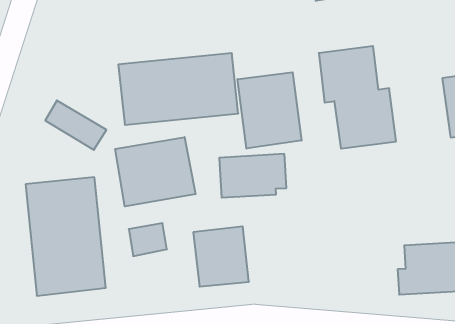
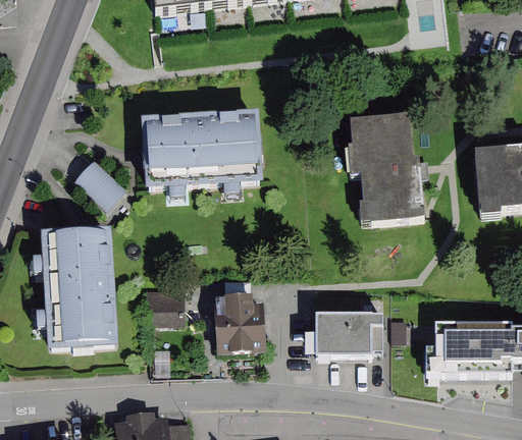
building: [238,72,301,149] -> none
building: [115,137,195,206] -> none
building: [219,154,286,198] -> [311,314,379,355]

